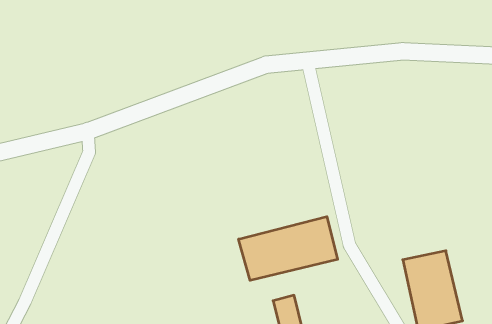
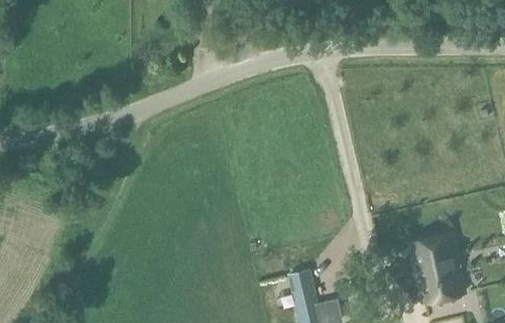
building: [239,217,338,280] -> none

